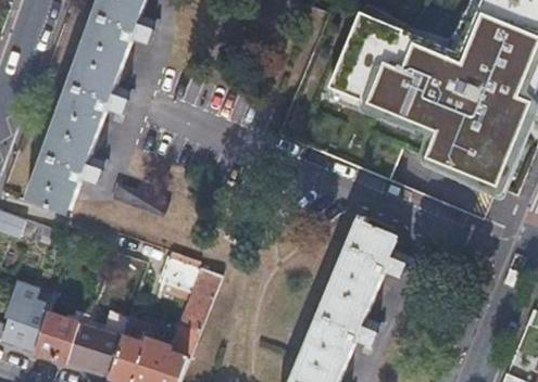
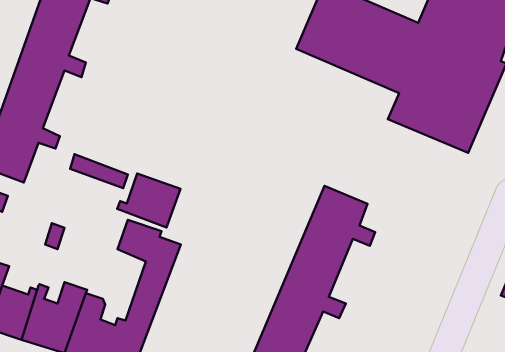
building: none -> [117,174,180,227]

